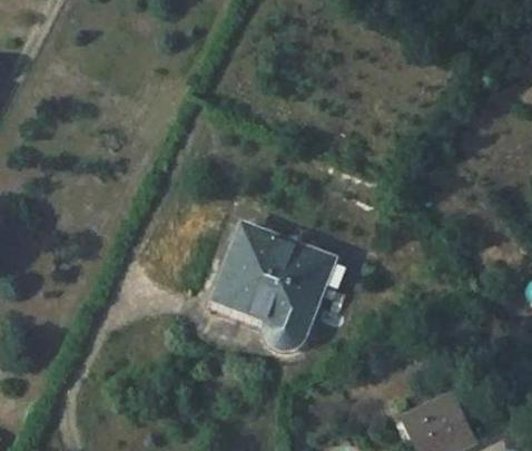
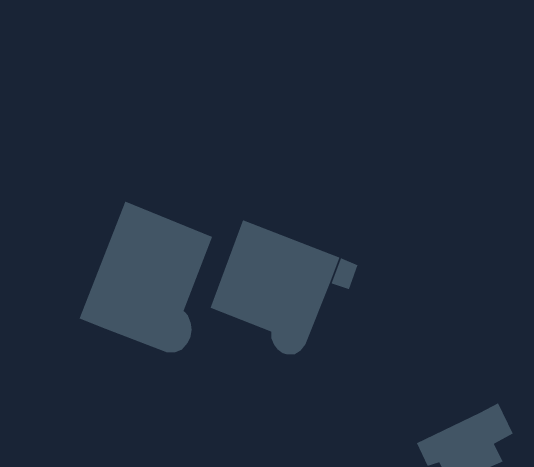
building: none -> [79,200,213,353]

